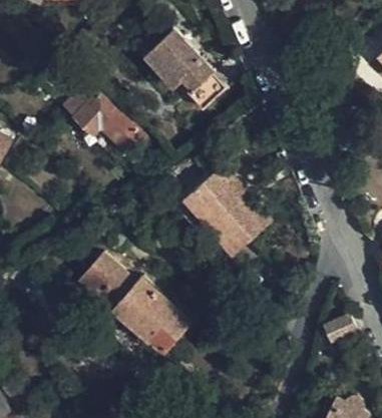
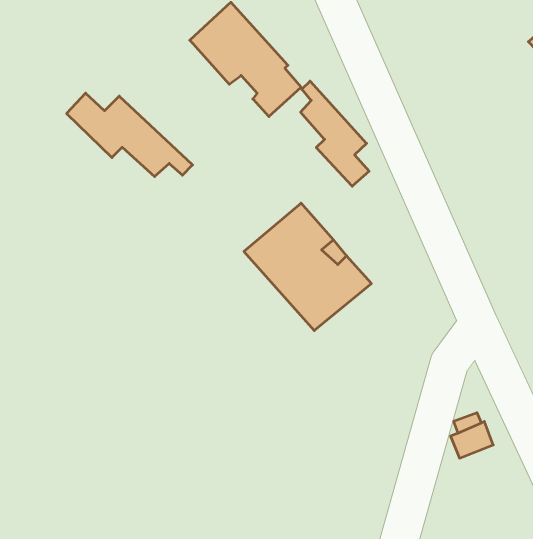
building: none -> [301,81,369,186]
building: [80,254,189,357] -> none

